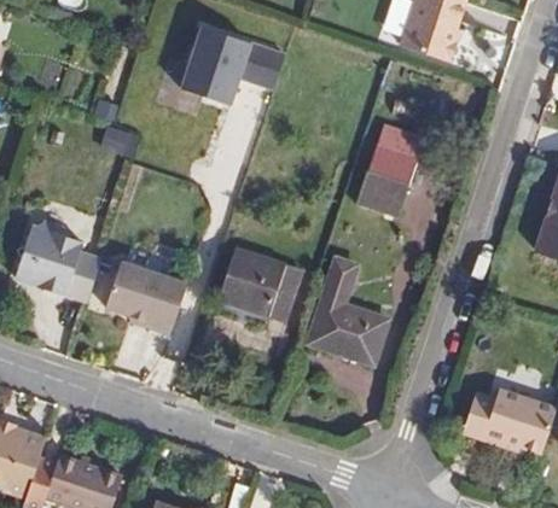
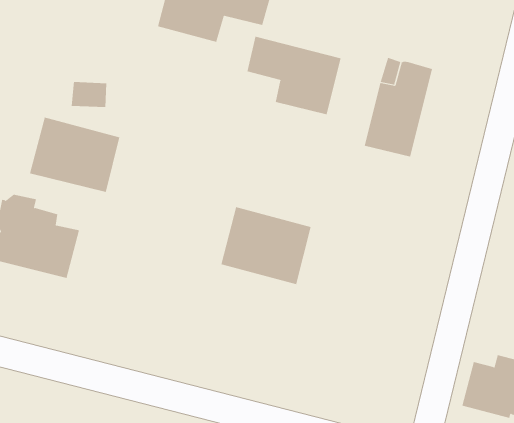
building: none -> [247,36,341,115]
building: [307,257,390,364] -> none
building: [110,259,193,331] -> [29,117,120,192]

